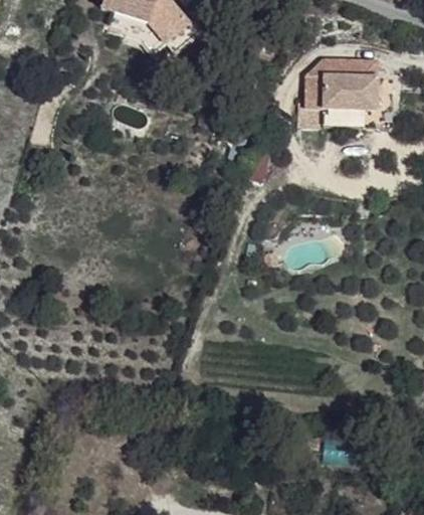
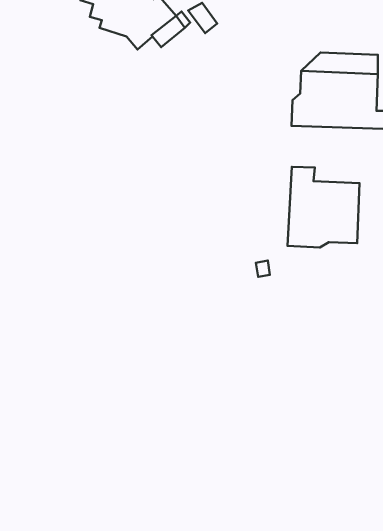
building: none -> [287,167,360,247]

